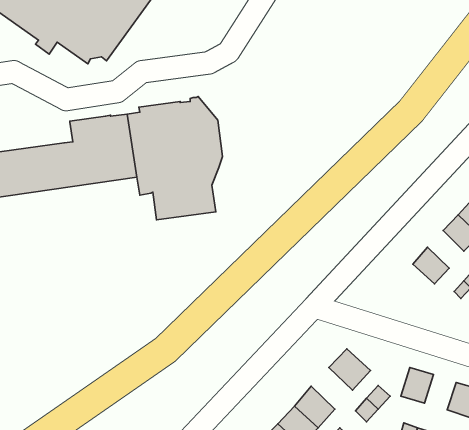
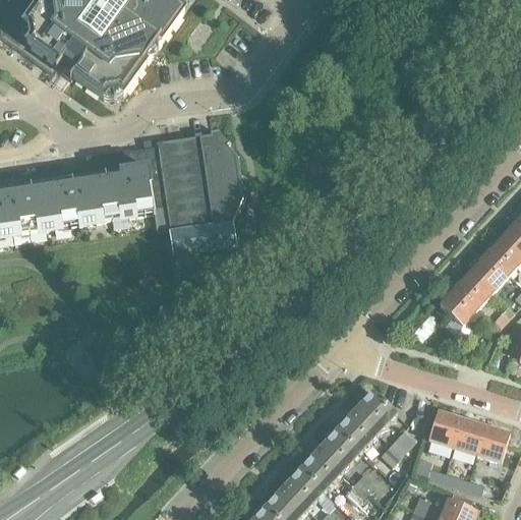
building: none -> [454,269,491,307]
building: none -> [334,410,377,453]
building: none -> [451,417,483,454]

